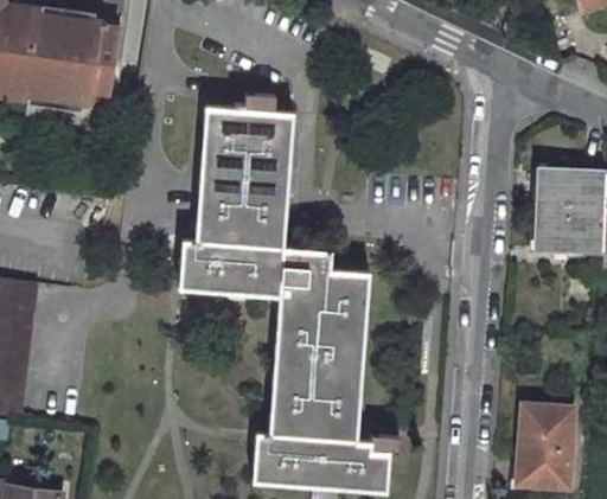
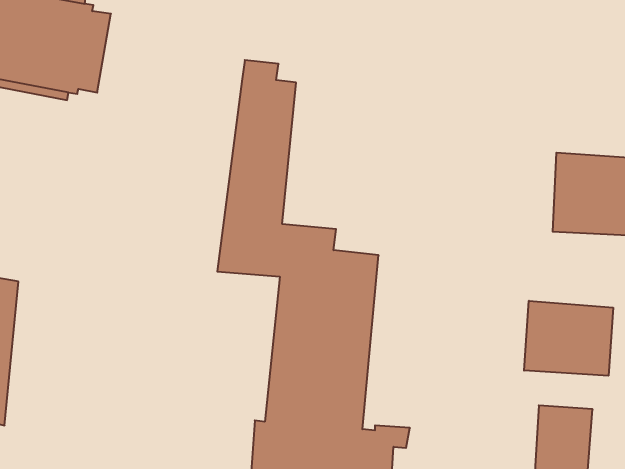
building: [177,100,243,286] -> none
building: none -> [524,301,613,376]

